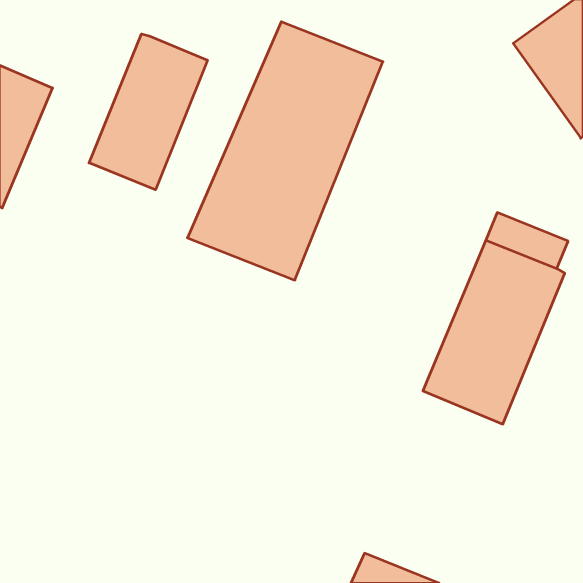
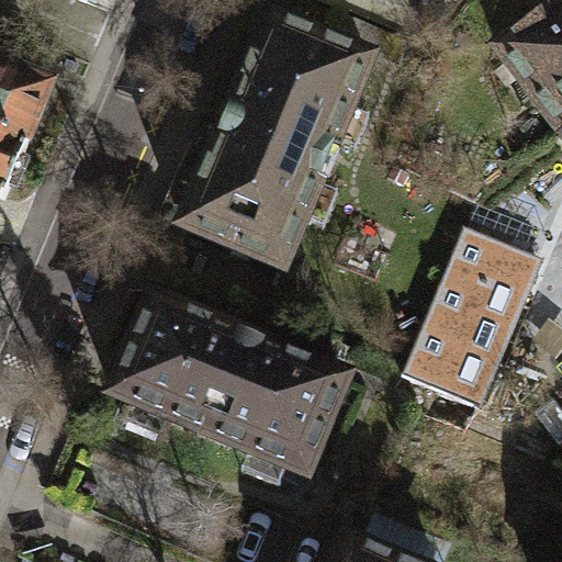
building: [89,34,207,190] -> none
building: none -> [112,297,347,476]

